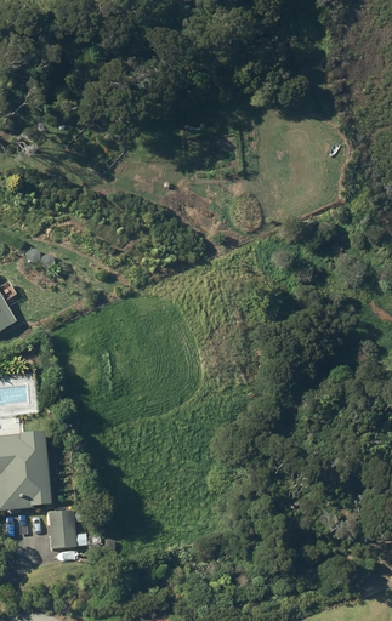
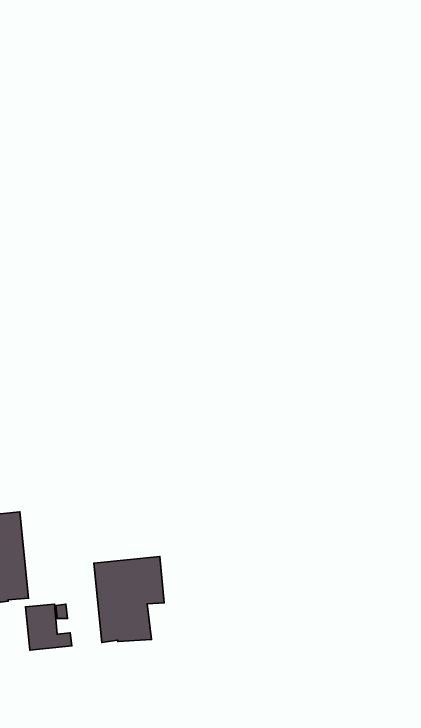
building: none -> [94,556,164,642]

